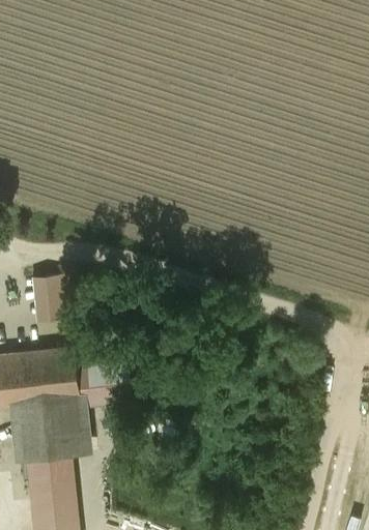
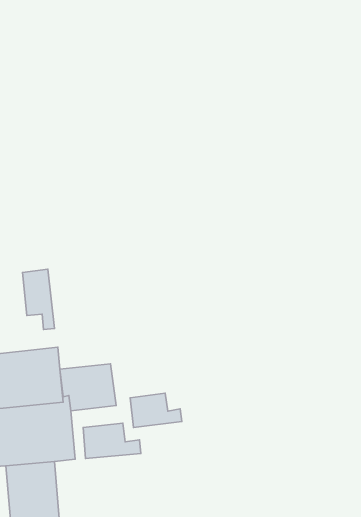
building: none -> [130,393,182,427]
building: none -> [83,423,141,458]

